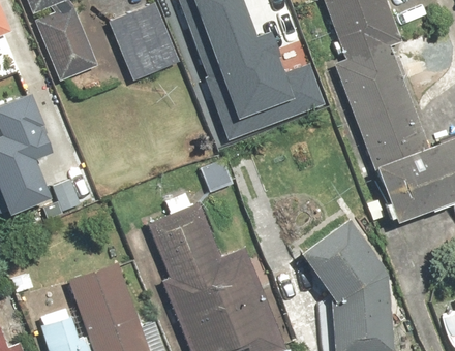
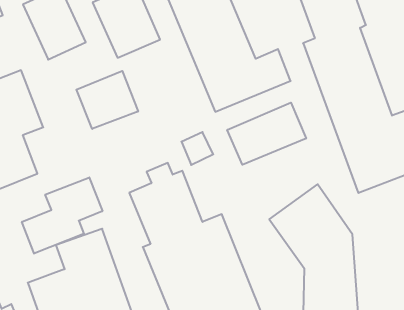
building: none -> [76,71,138,129]
building: none -> [227,103,306,165]
building: none -> [22,177,102,254]

